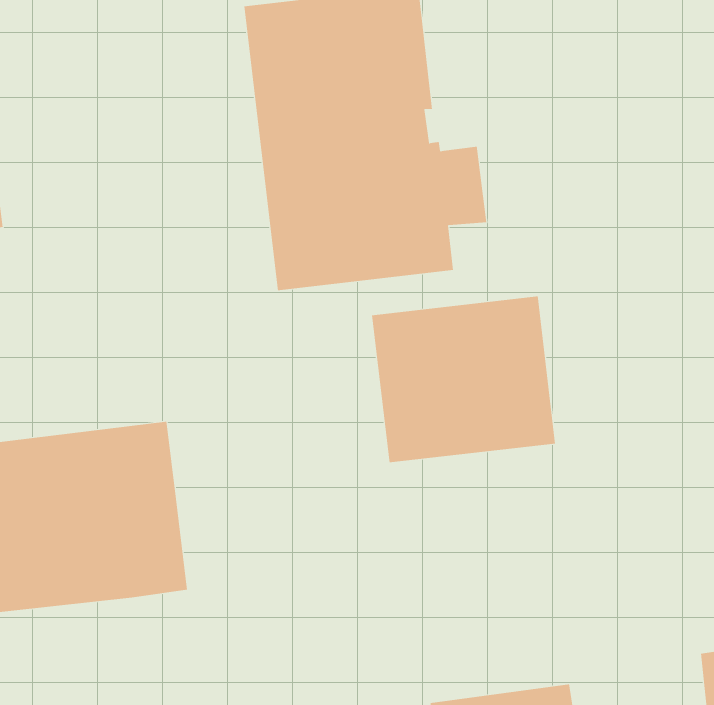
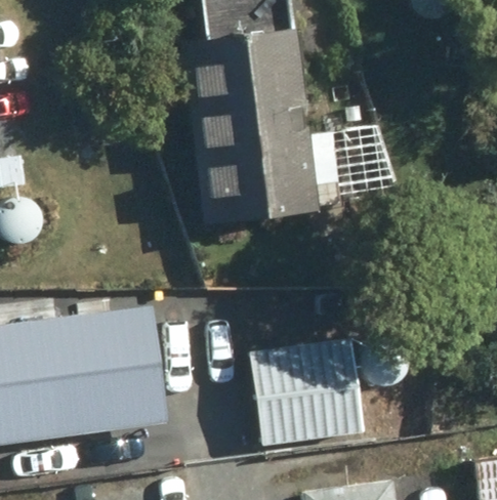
building: [371,296,556,463] -> [243,339,362,447]

